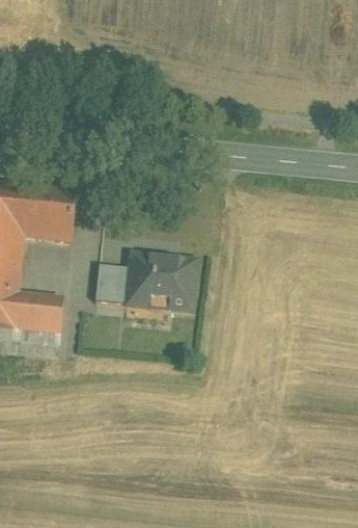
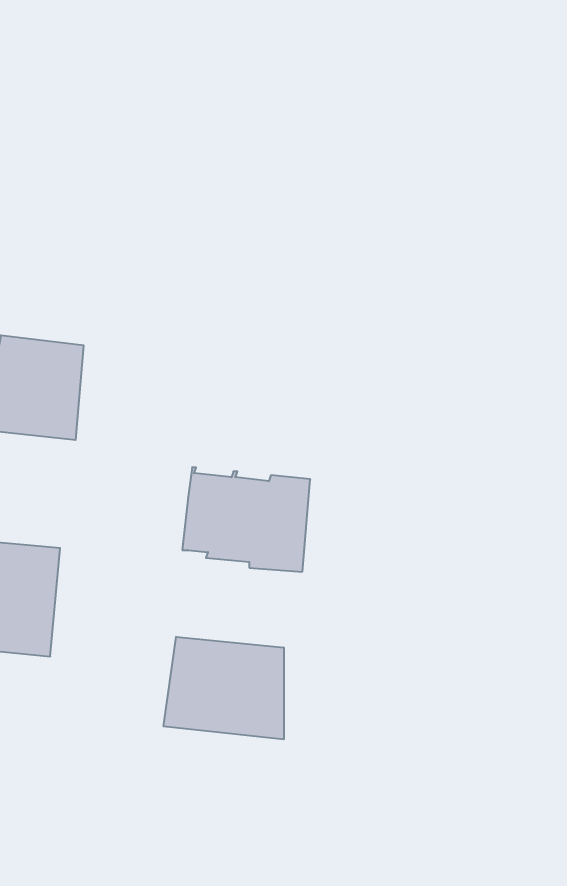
building: [95,263,131,302] -> none
building: none -> [164,637,284,739]

